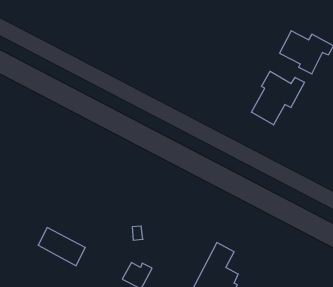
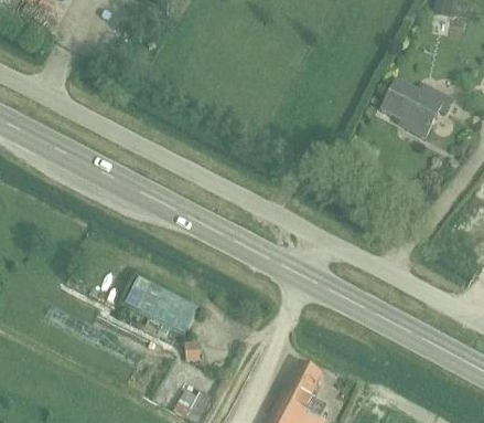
building: [251,71,304,125] -> none
building: [38,228,85,266] -> [127,278,190,329]

